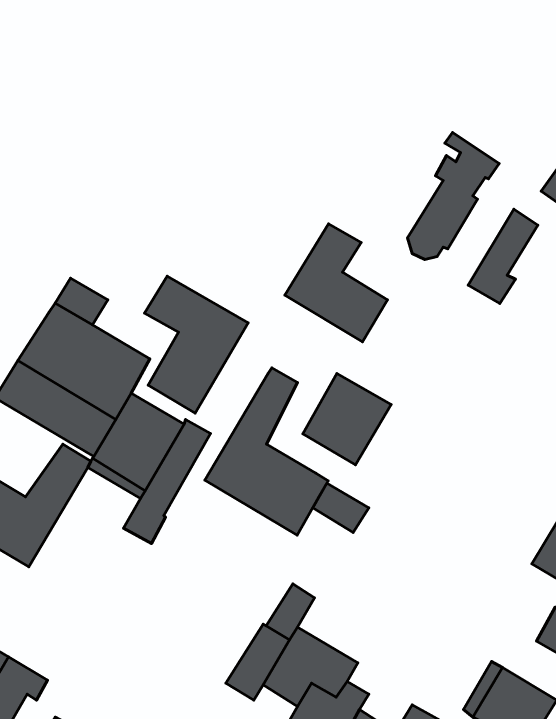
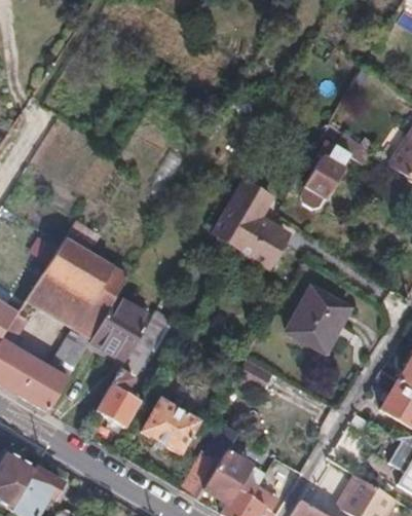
building: [468,209,538,304] -> none
building: [145,276,248,413] -> none
building: [205,368,328,535] -> none
building: [303,373,391,465] -> [291,289,349,349]
building: none -> [97,385,140,427]
building: none -> [141,399,199,454]

